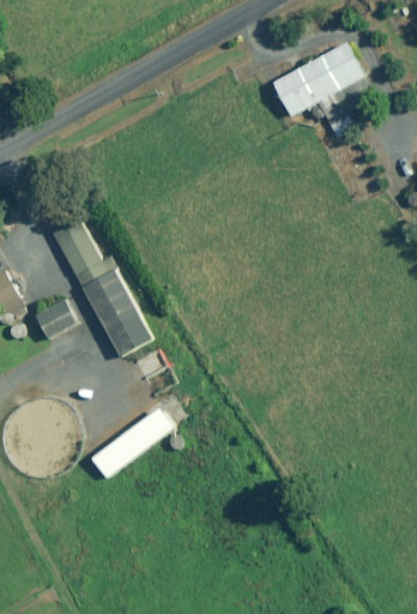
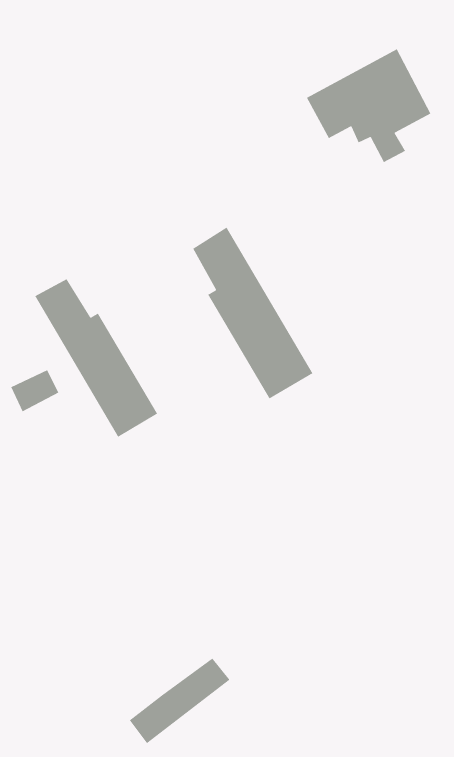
building: none -> [192,227,313,399]
building: [91,408,173,477] -> [129,658,230,744]

